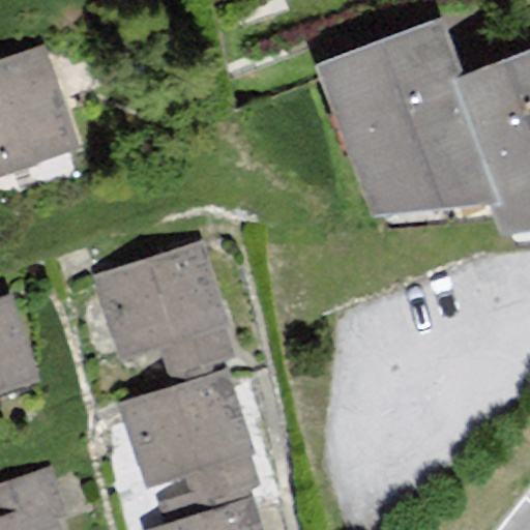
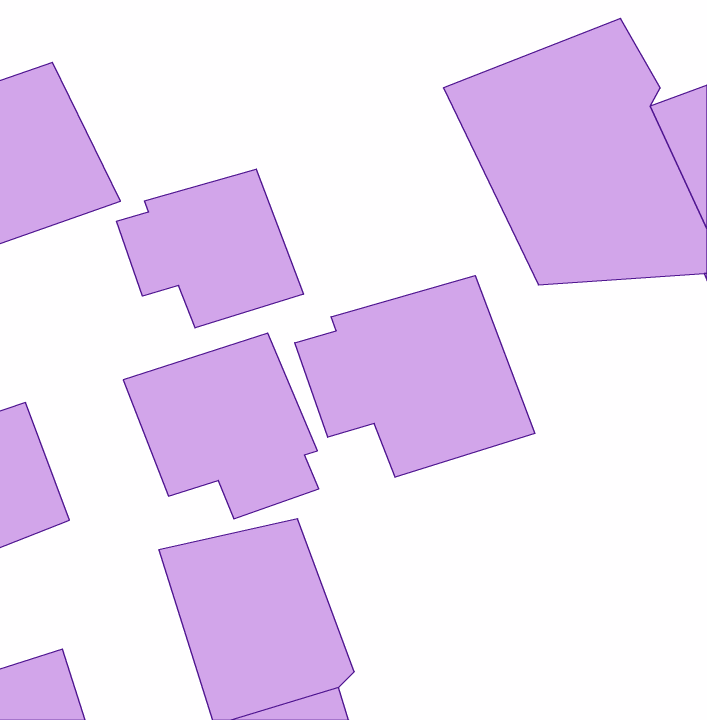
building: none -> [116,169,303,328]
building: none -> [295,276,535,477]

